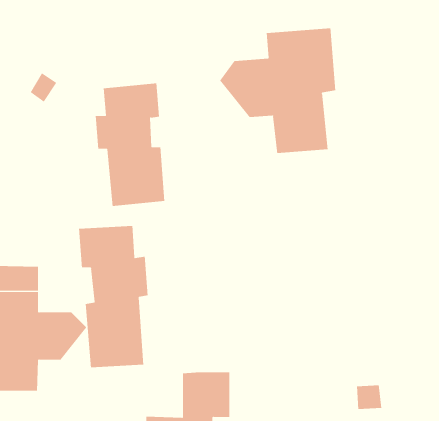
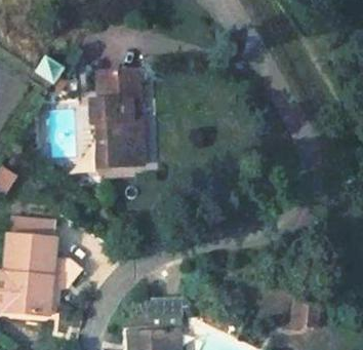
building: [220,28,336,154] -> none
building: [78,225,148,368] -> none

